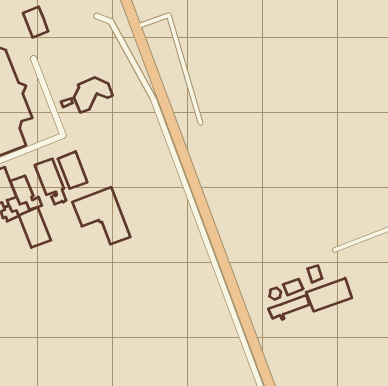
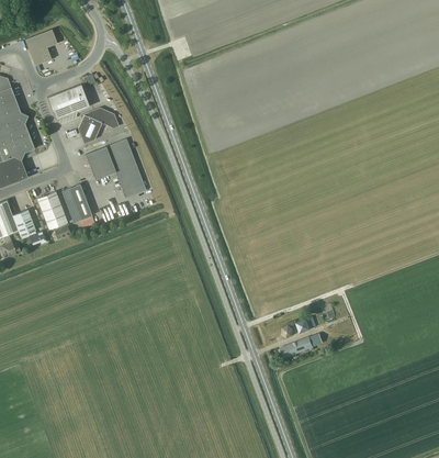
building: none -> [47,85,89,119]
building: [72,187,130,244] -> [86,138,146,198]
building: [19,207,51,248] -> none
building: [306,278,352,311] -> none

